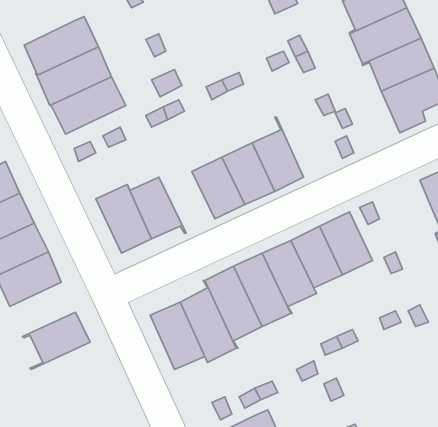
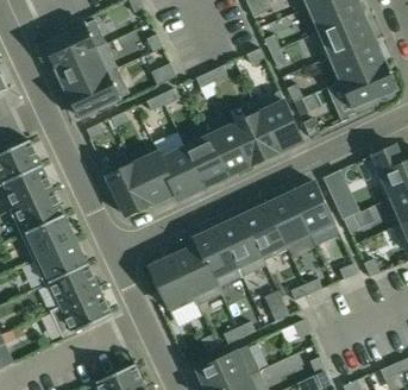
building: none -> [253,90,302,152]
building: none -> [156,147,202,199]
building: none -> [32,239,87,284]
building: none -> [50,289,111,336]

